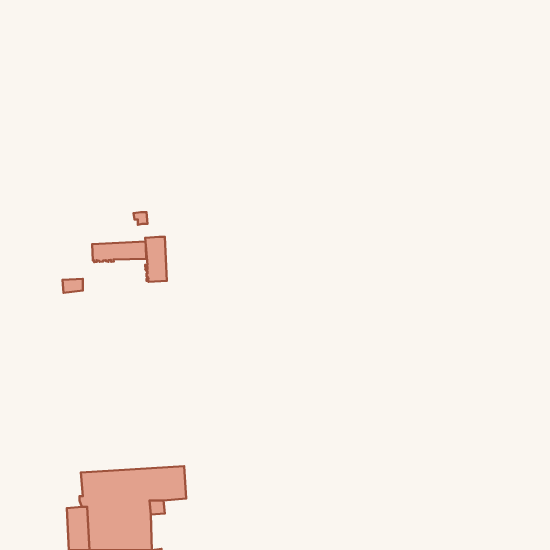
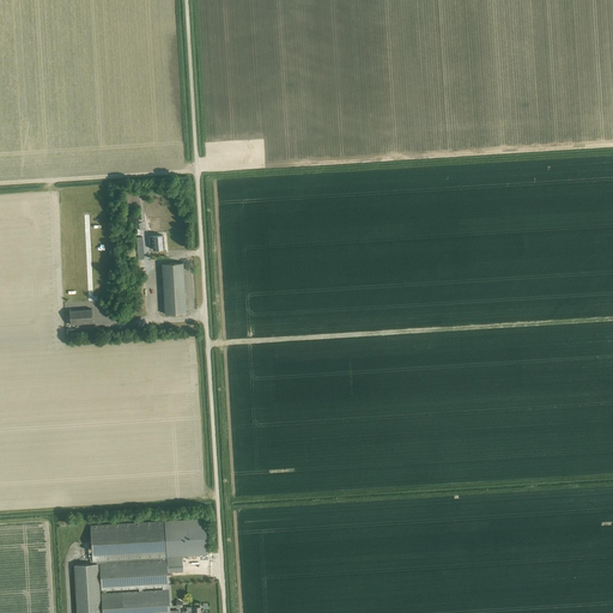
building: [92,242,146,262] -> none

